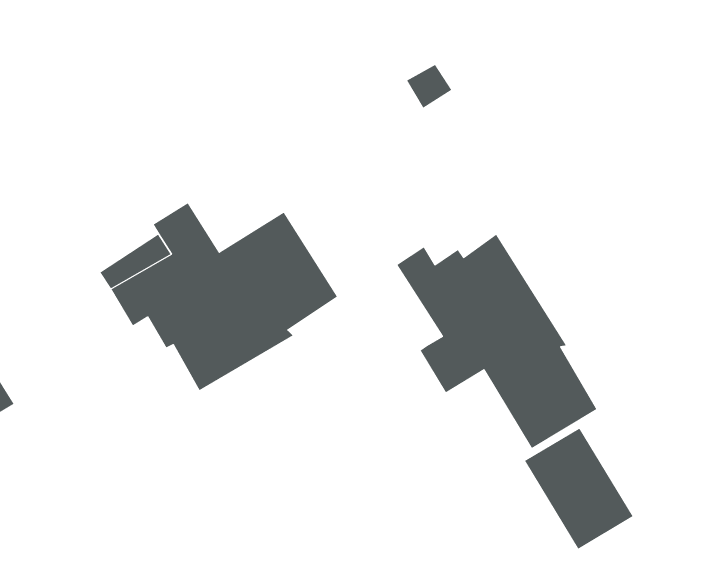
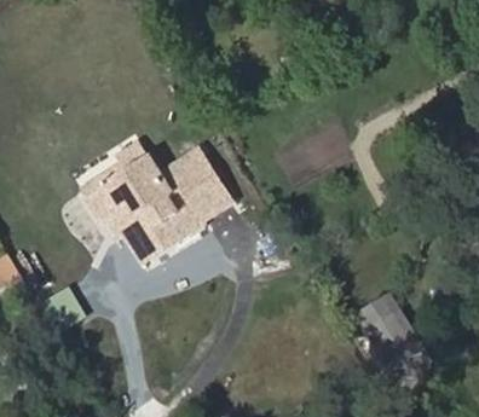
building: [396,234,597,449] -> none

